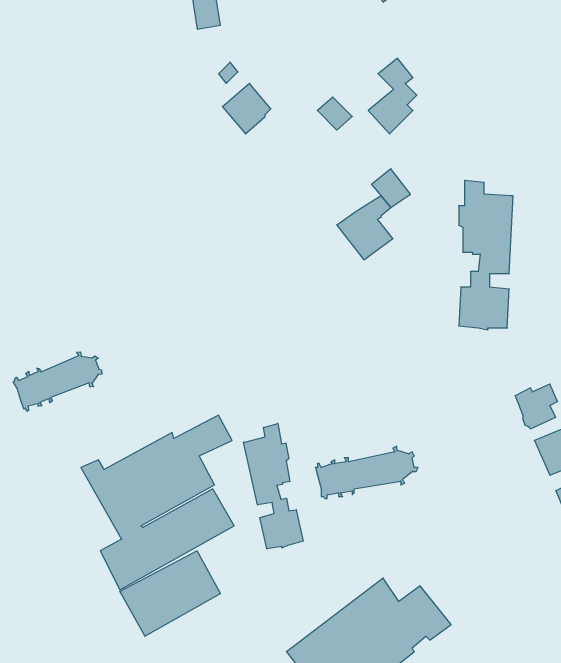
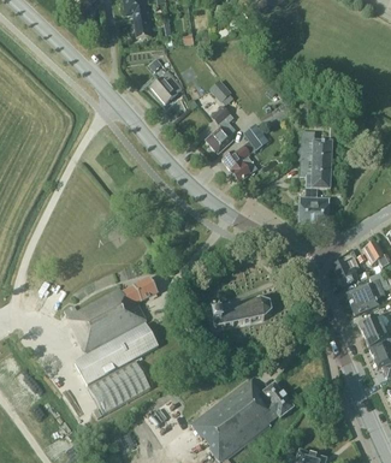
building: [368,58,417,134] -> [205,106,235,153]
building: [13,352,102,411] -> none
building: [243,423,303,549] -> none

